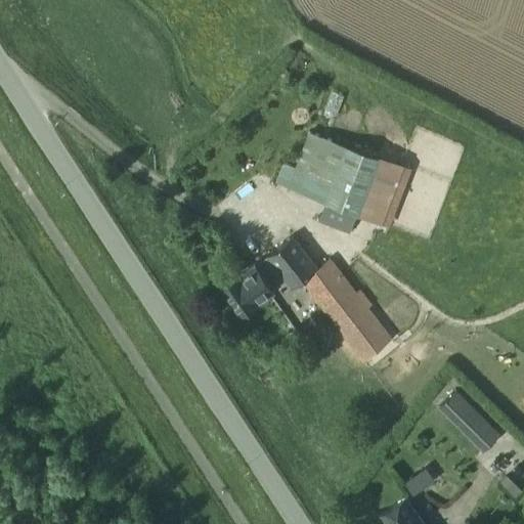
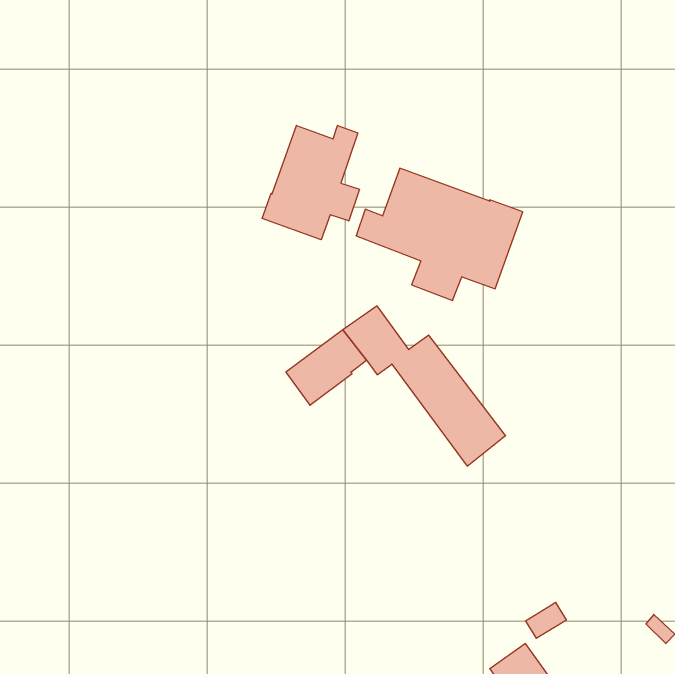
building: none -> [262,125,359,240]
building: [439,391,501,452] -> none

